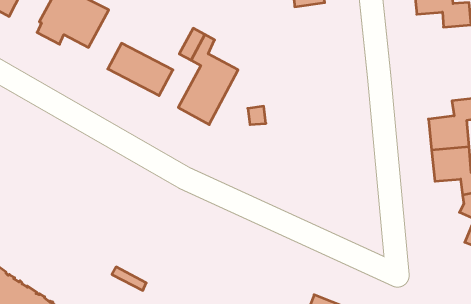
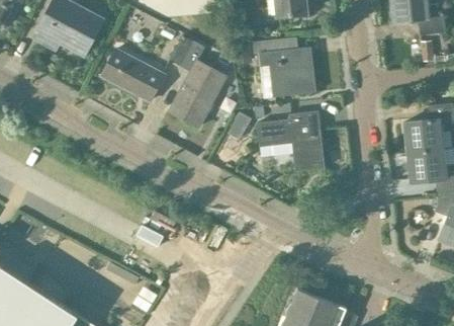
building: none -> [253,38,316,97]
building: none -> [258,110,325,170]

